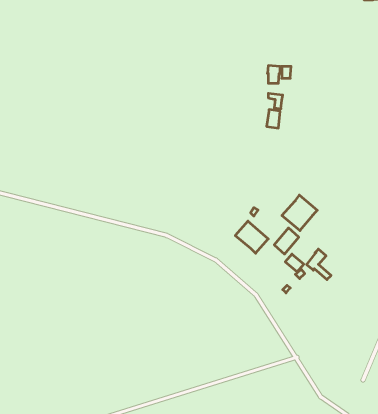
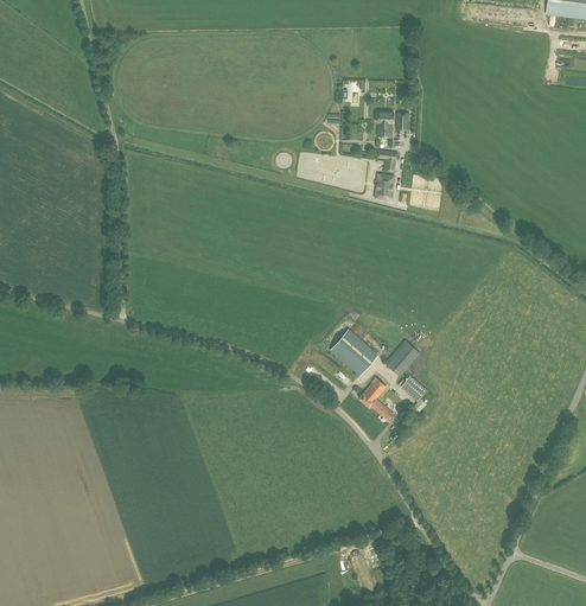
building: [282,195,317,231] -> none
building: [307,249,331,280] -> [359,377,394,420]

